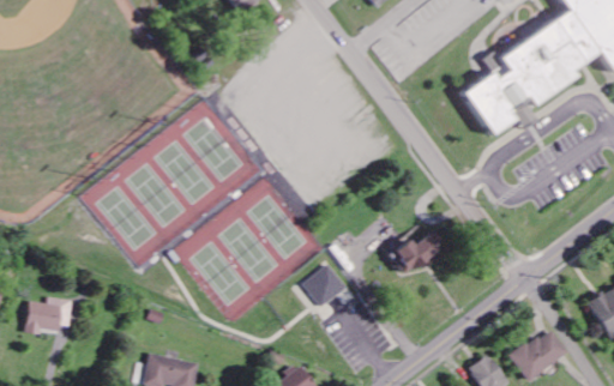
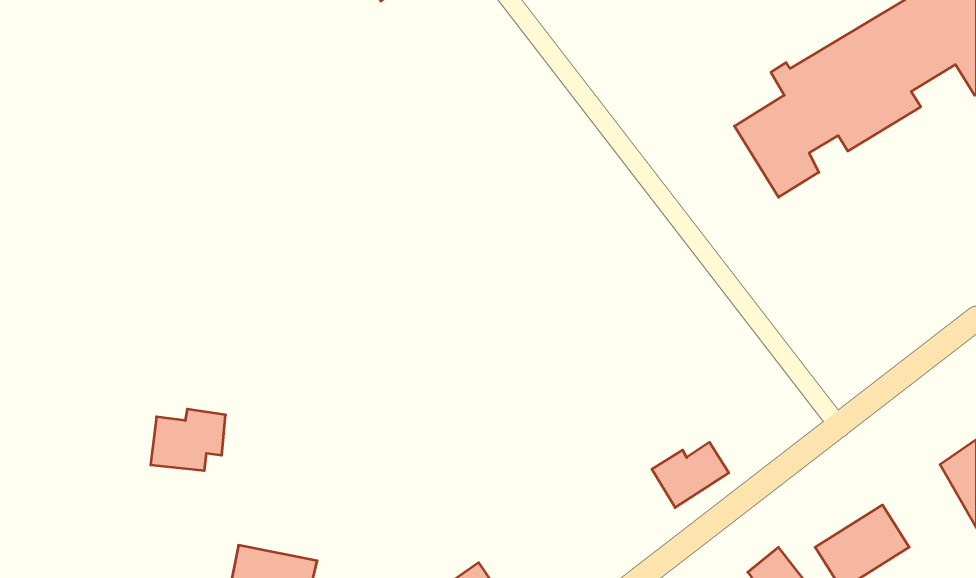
building: [392,235,440,276] -> [652,442,729,508]
building: [305,264,348,306] -> none
building: [26,296,73,334] -> [151,409,226,471]

